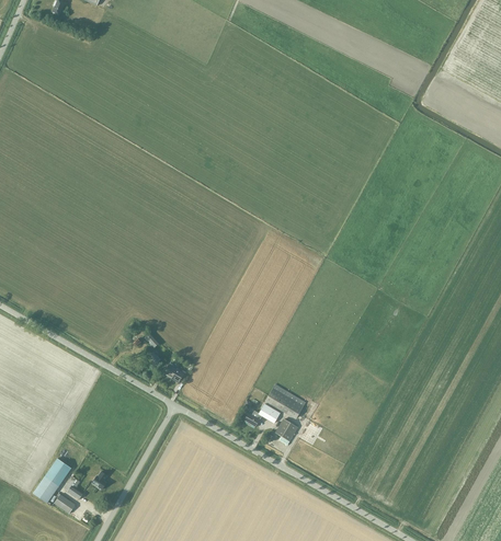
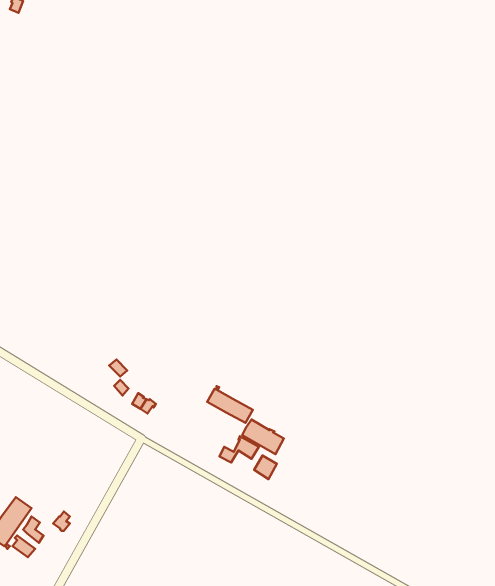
building: none -> [207,386,253,423]

